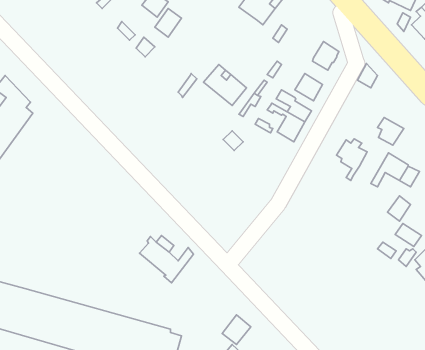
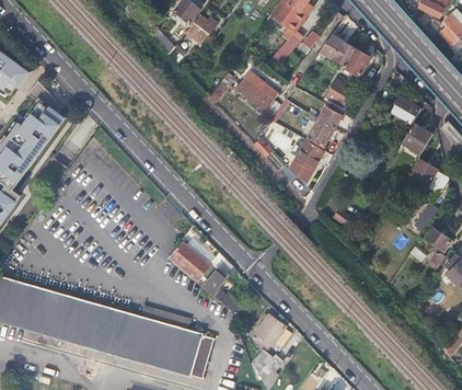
building: none -> [267,26,303,70]
building: none -> [320,34,354,64]
building: none -> [290,139,324,181]
building: [336,139,367,181] -> [391,95,421,137]
building: none -> [203,259,232,308]

